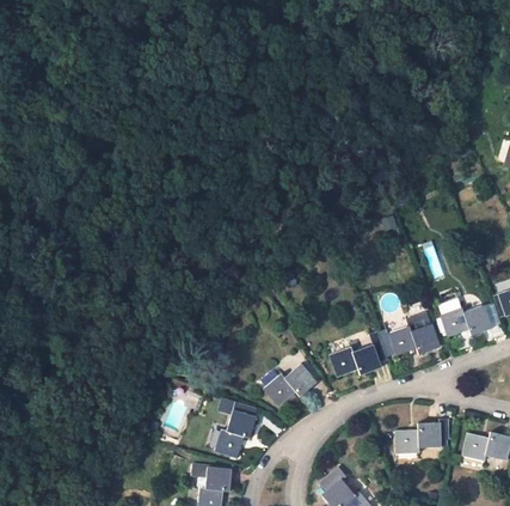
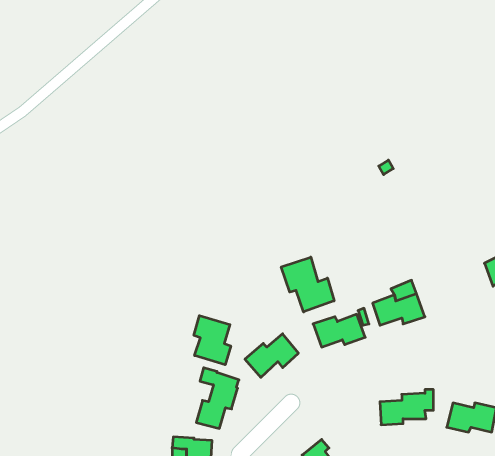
building: none -> [281,257,334,312]
building: [441,305,491,337] -> none
building: none -> [194,316,231,365]

